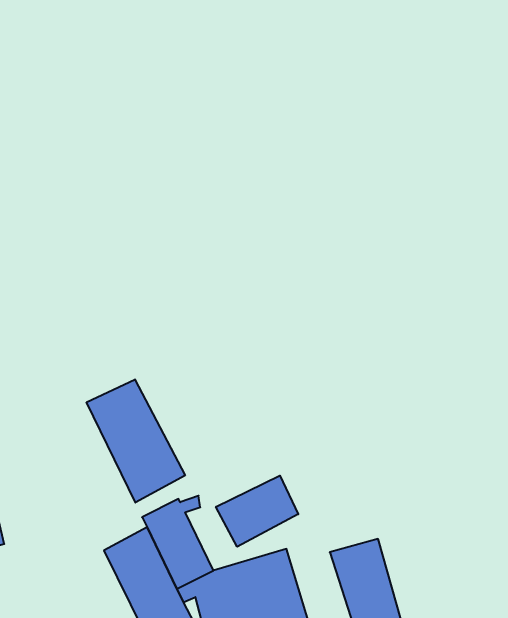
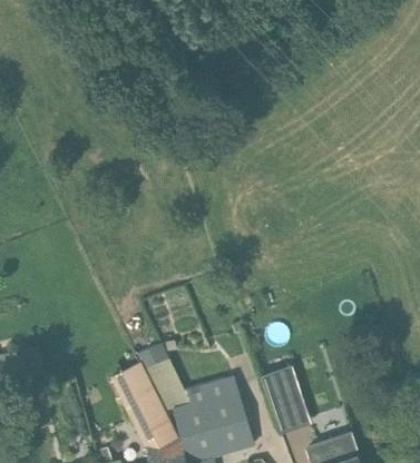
building: [87,379,185,503] -> none
building: [216,476,298,547] -> none

